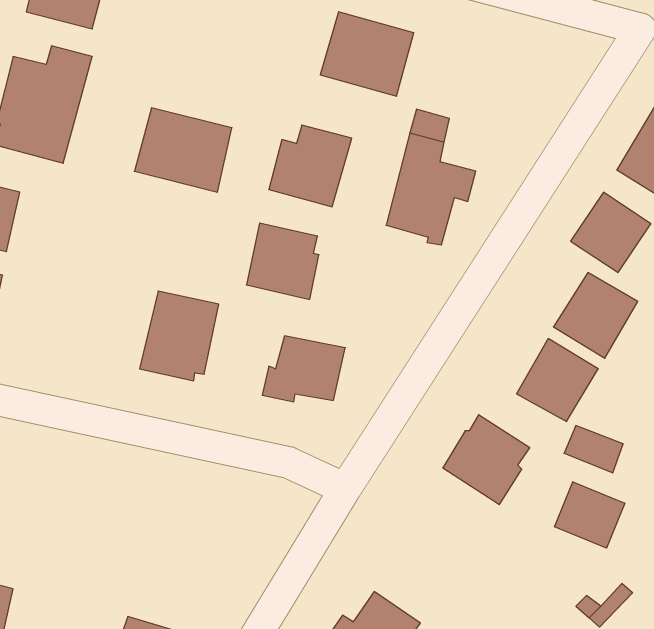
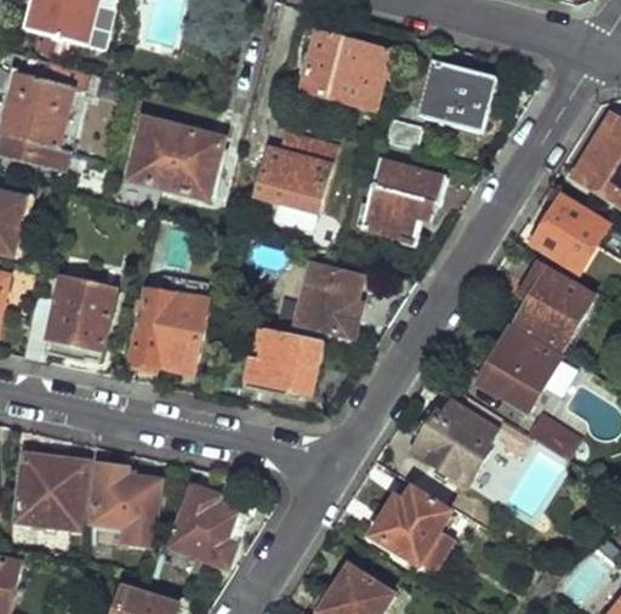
building: none -> [420,62,494,132]
building: [246,223,319,299] -> [296,265,363,335]
building: none -> [24,274,115,358]
building: none -> [15,454,85,528]
building: [555,482,625,548] -> none
building: none -> [90,464,159,541]
building: none -> [172,485,245,565]
building: none -> [374,488,449,561]

